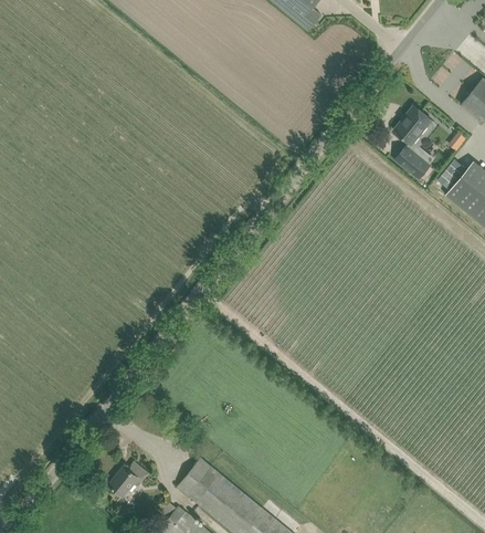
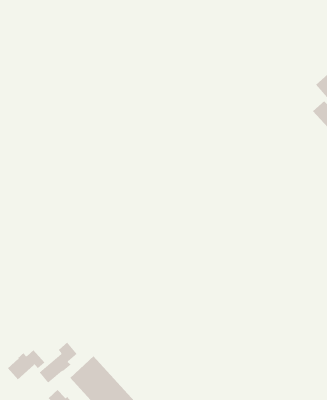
building: none -> [39,342,78,383]

